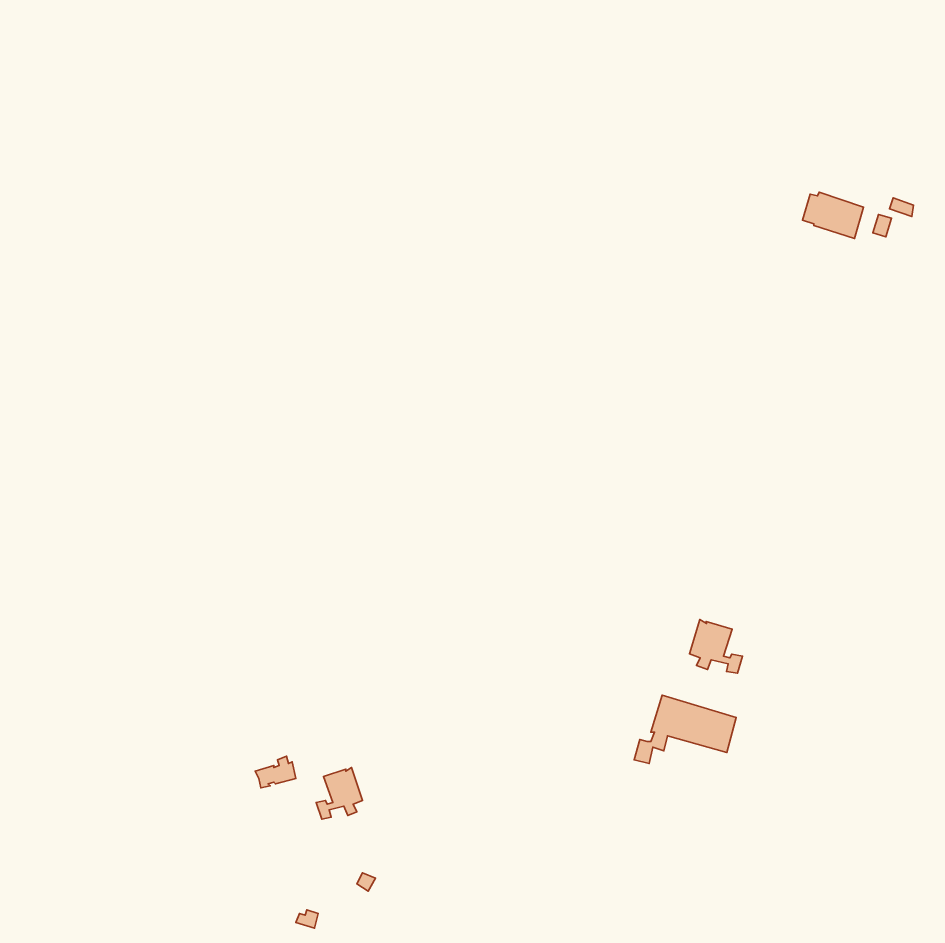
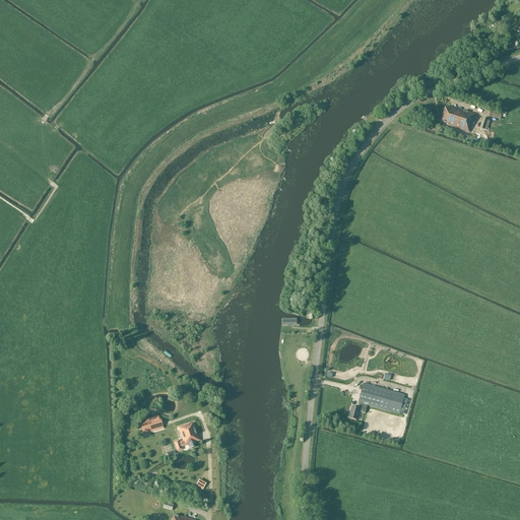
building: [689,620,742,673] -> none

